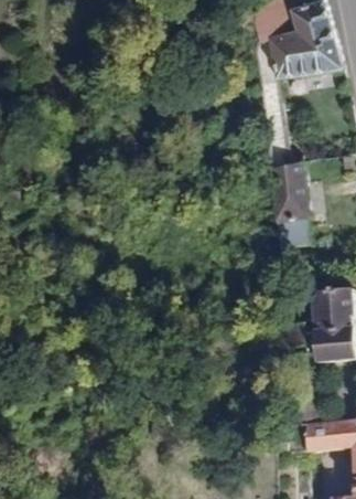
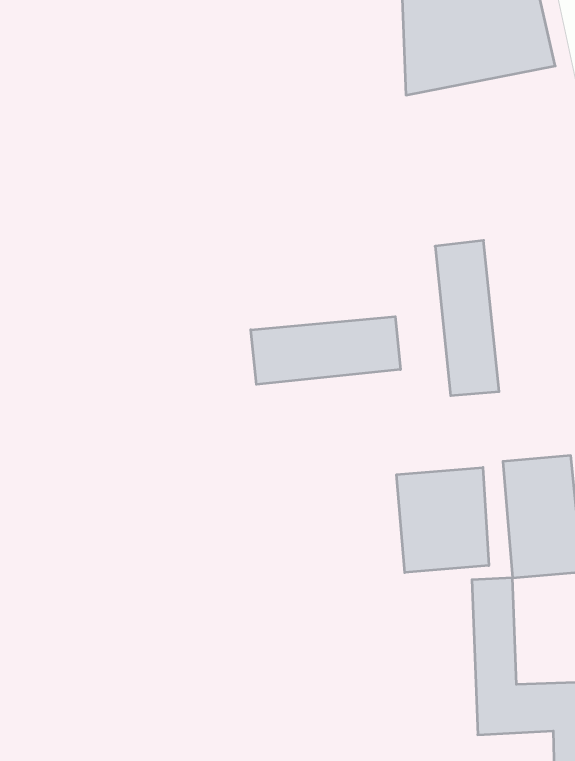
building: none -> [251,317,400,384]
building: none -> [397,467,489,573]

